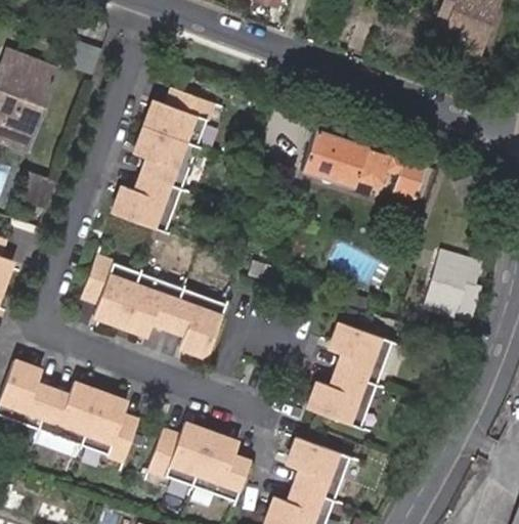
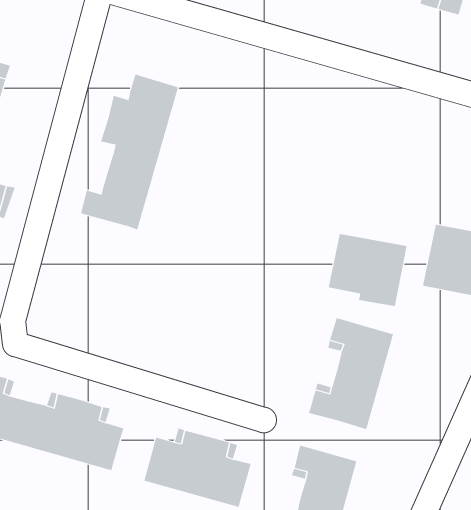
building: [297,125,427,199] -> none
building: none -> [328,233,407,307]
building: [82,261,226,362] -> none

